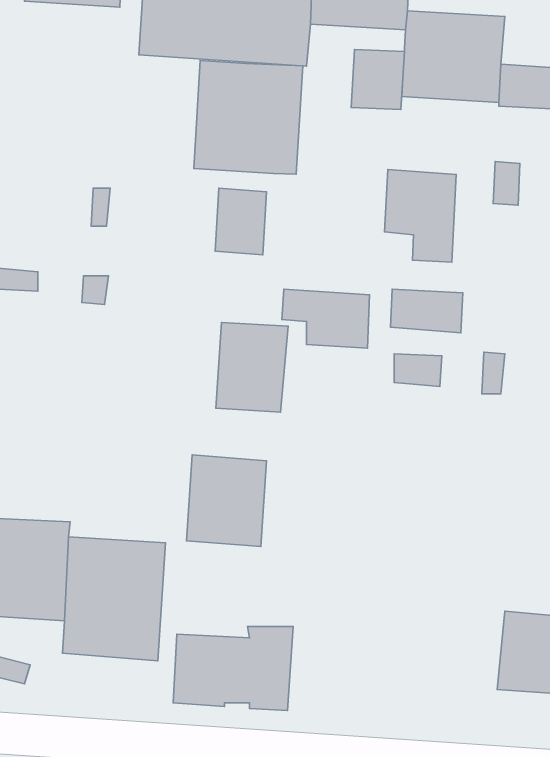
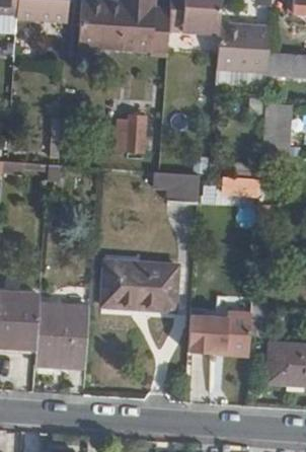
building: [351,49,404,110] -> none
building: [194,60,303,174] -> none
building: [384,169,456,262] -> none
building: [216,322,288,412] -> [140,262,178,310]
building: [173,626,293,710] -> [187,312,251,357]

